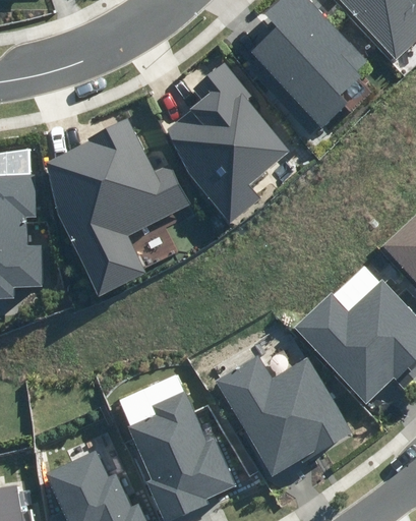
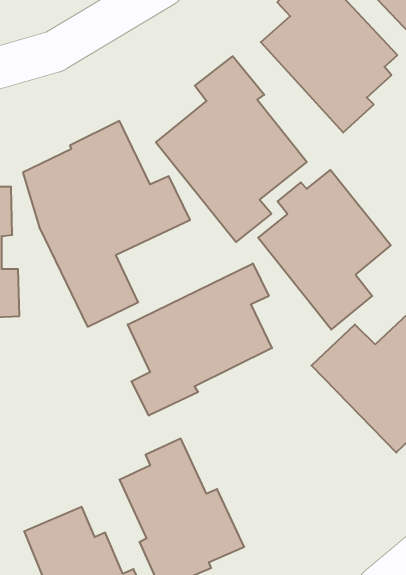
building: none -> [258,170,391,330]
building: none -> [128,263,272,416]
building: [215,354,354,476] -> none

